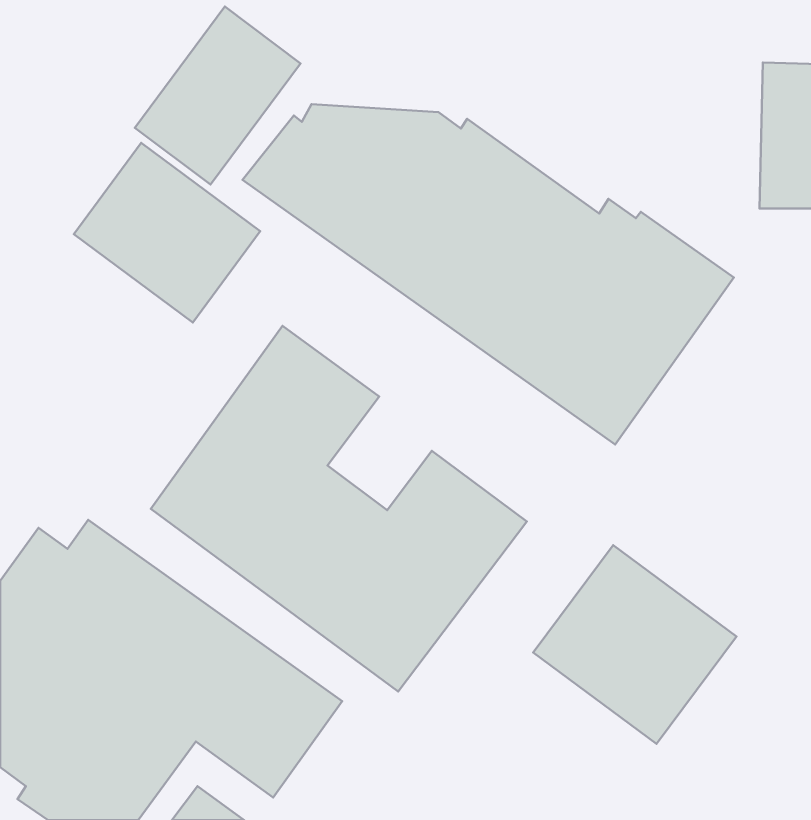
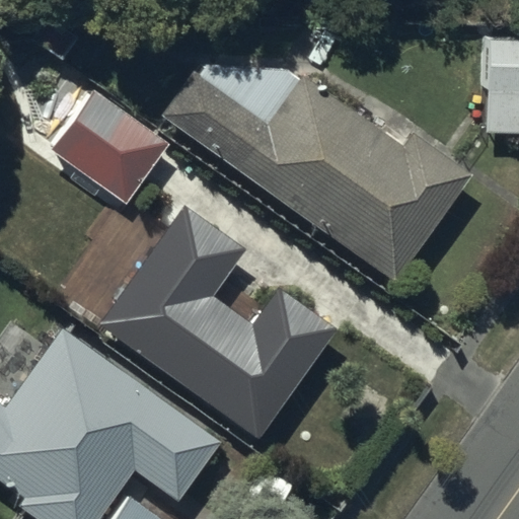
building: [135,7,301,185] -> none
building: [533,545,736,744] -> none

